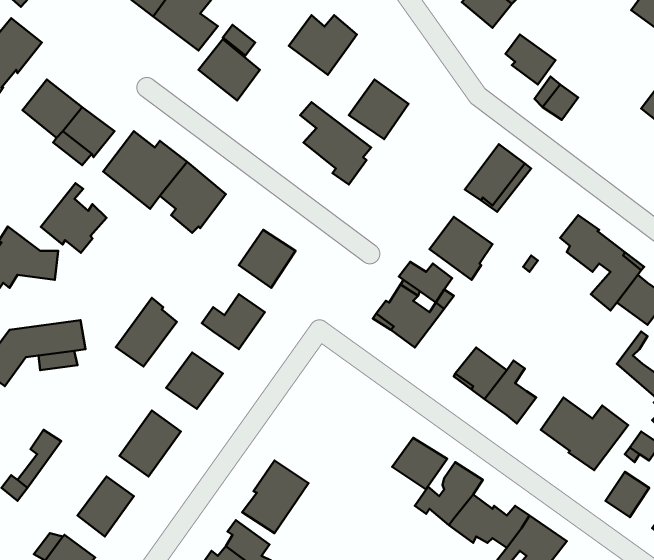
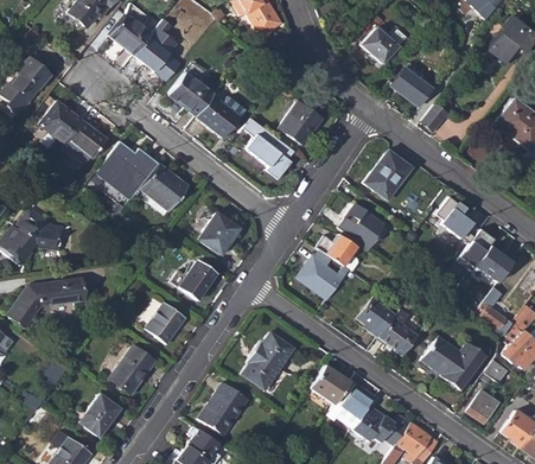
building: [289,15,357,75] -> [197,95,247,139]
building: [41,183,107,253] -> none
building: [116,298,177,367] -> none
building: none -> [243,332,294,389]

